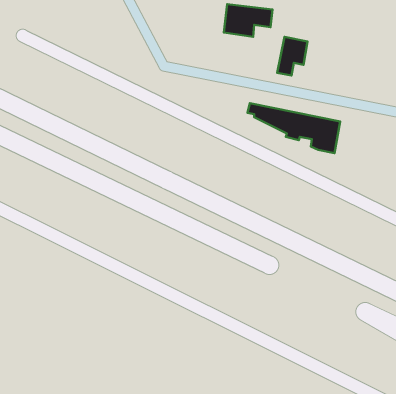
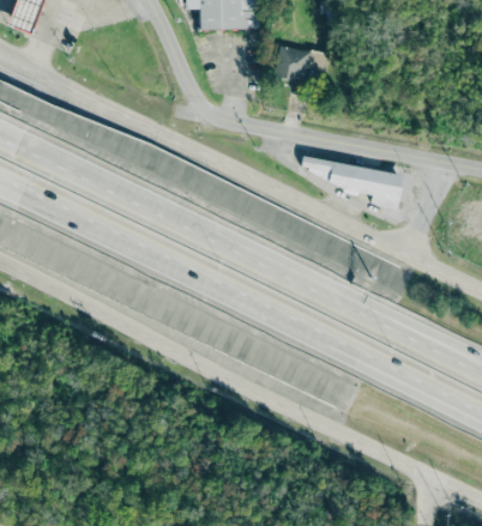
building: [277,37,308,76] -> none

